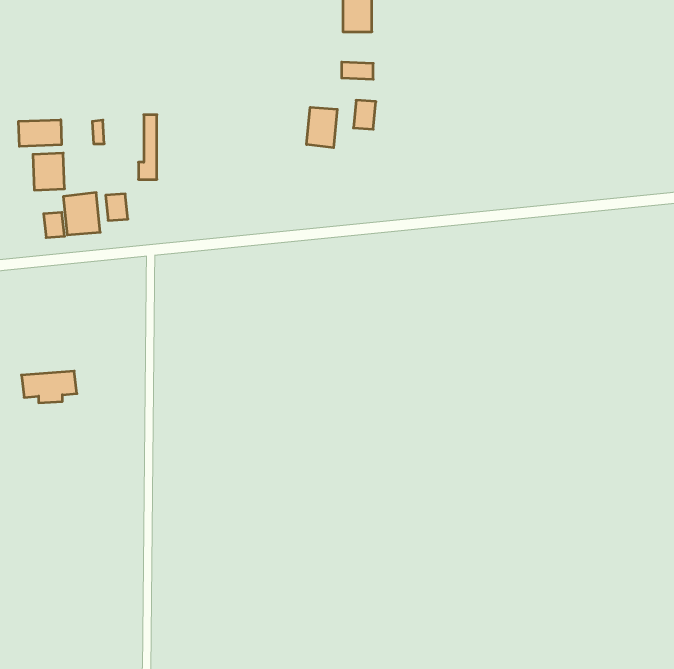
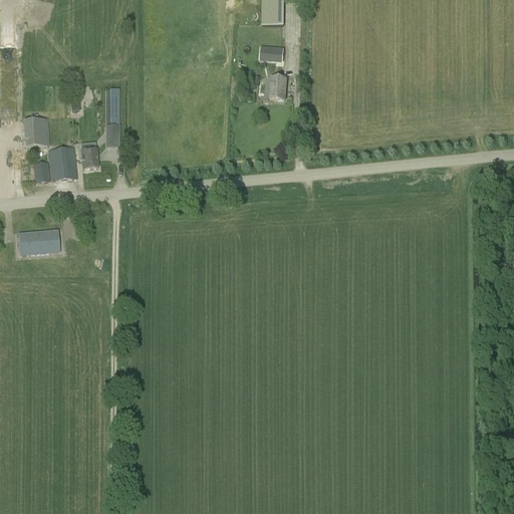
building: [307,107,337,148] -> none
building: [19,120,61,146] -> none
building: [21,371,77,403] -> [17,229,59,253]

